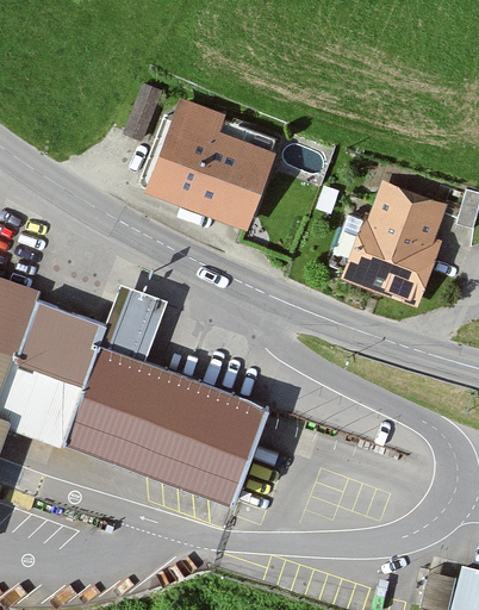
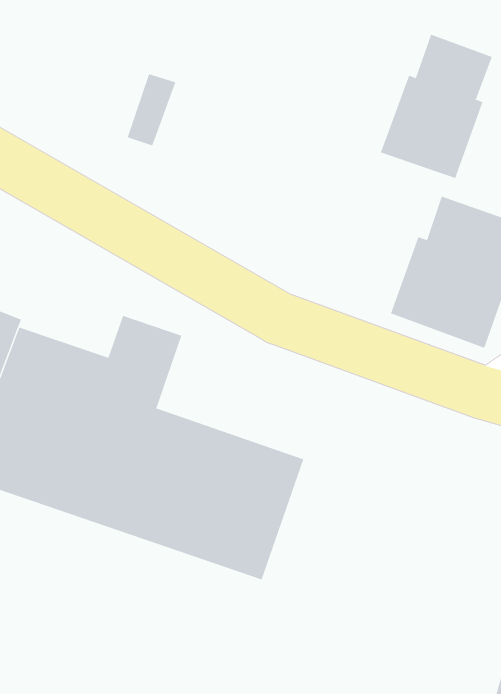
building: none -> [380,34,493,179]
building: [144,102,273,231] -> none

